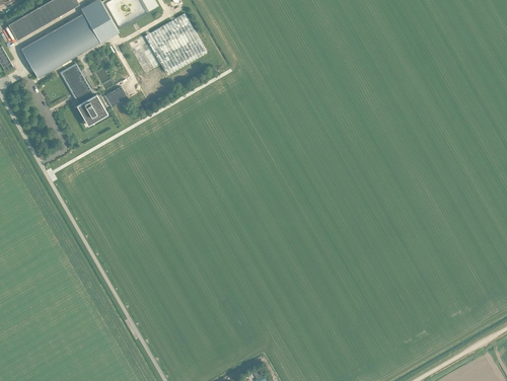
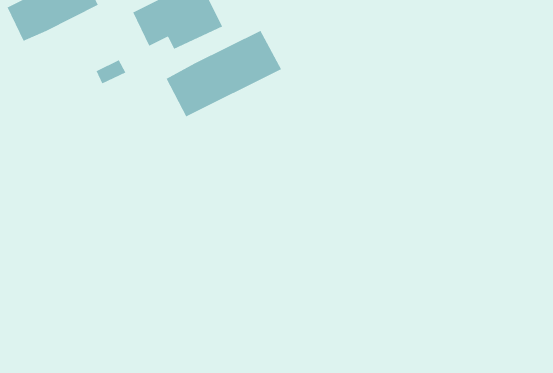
building: none -> [166,30,282,117]
building: [61,64,107,125] -> none

